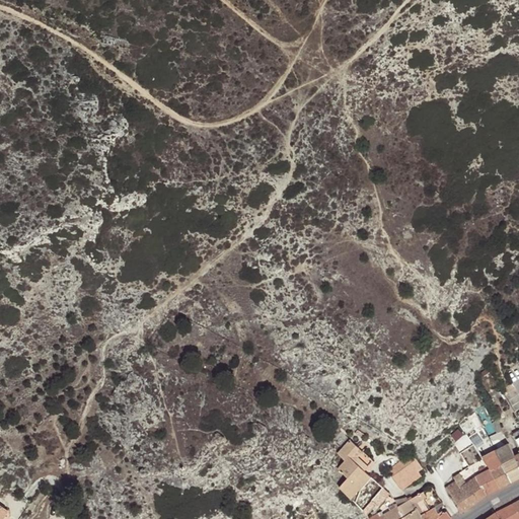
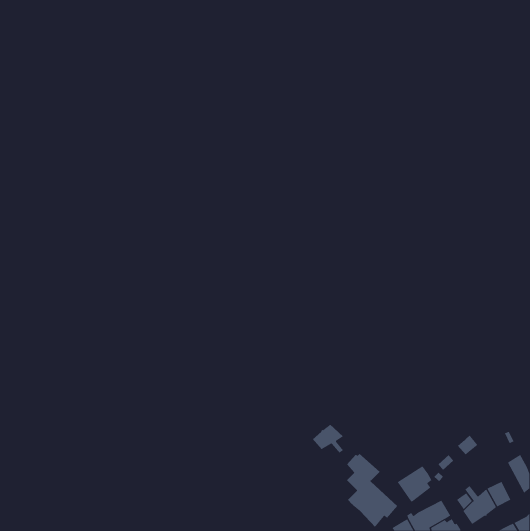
building: none -> [312,424,344,454]
building: [481,451,511,488] -> none

